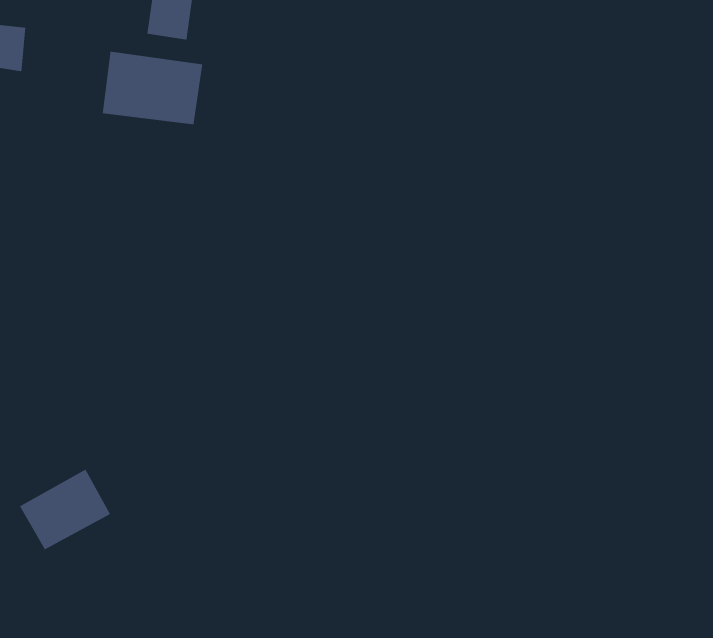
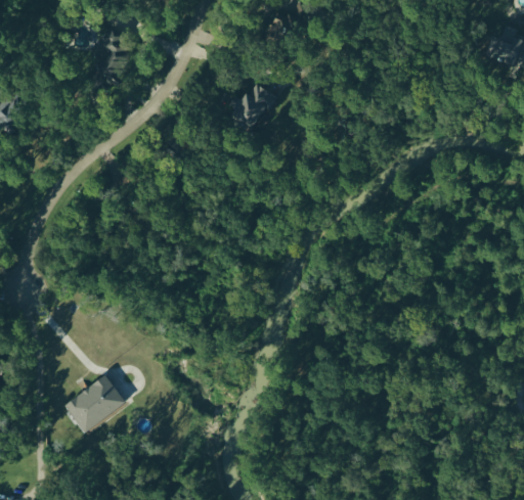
building: [102,51,203,125] -> none
building: none -> [232,86,275,130]

